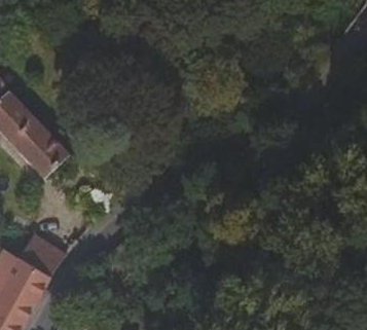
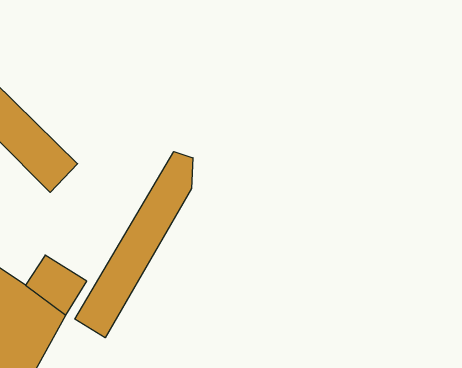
building: none -> [75,152,193,338]

